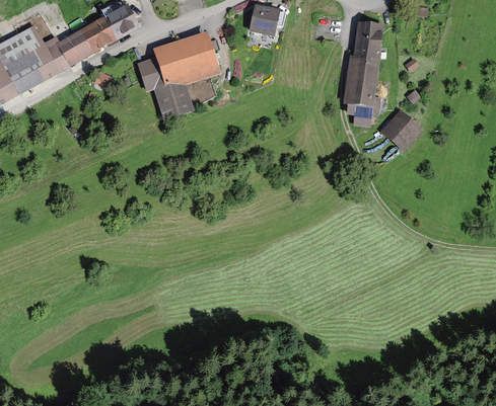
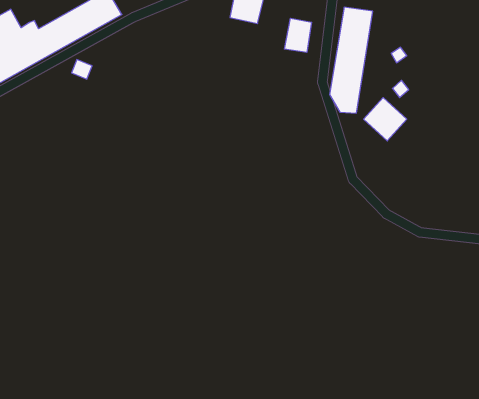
building: none -> [284,18,312,52]
building: [132,30,220,118] -> none

